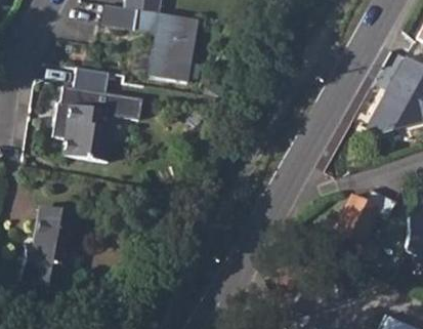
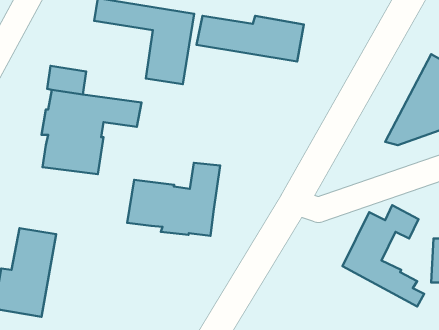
building: none -> [197,16,304,62]
building: none -> [127,163,220,236]

